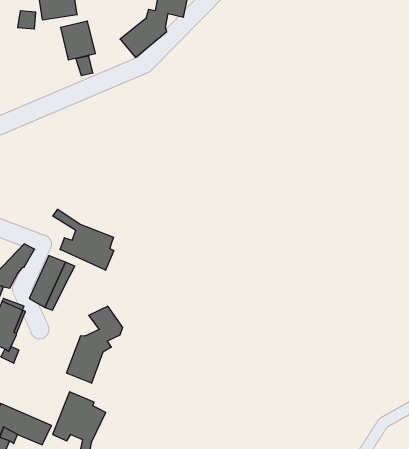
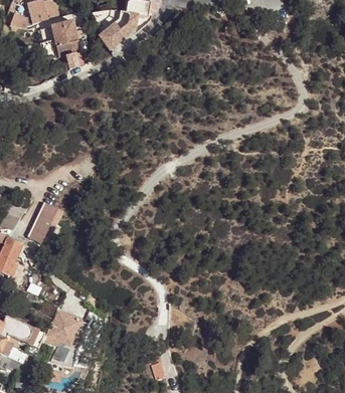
building: [53,209,114,270] -> none
building: [66,306,122,383] -> none

